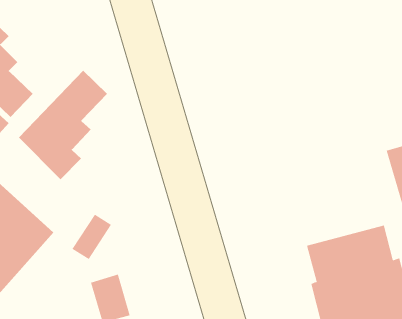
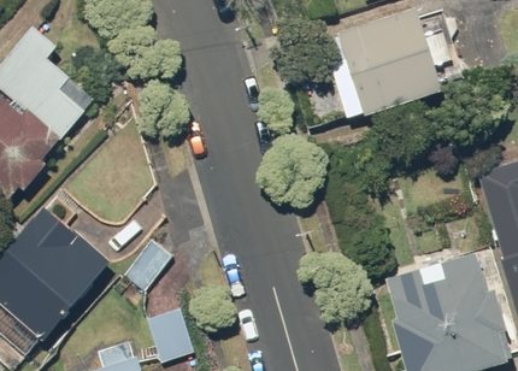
building: none -> [317,10,436,120]
building: [18,70,108,180] -> none

